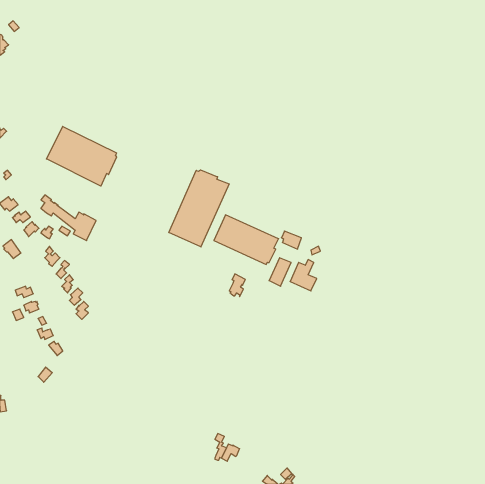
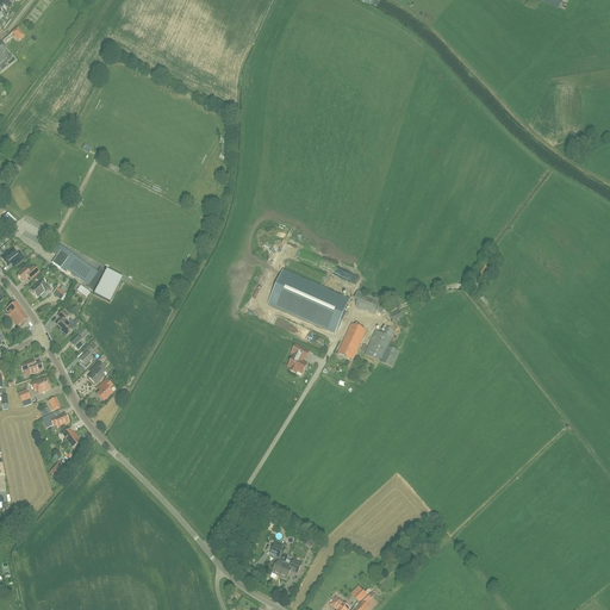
building: [46,126,117,186] -> none
building: [169,170,229,247] -> none

